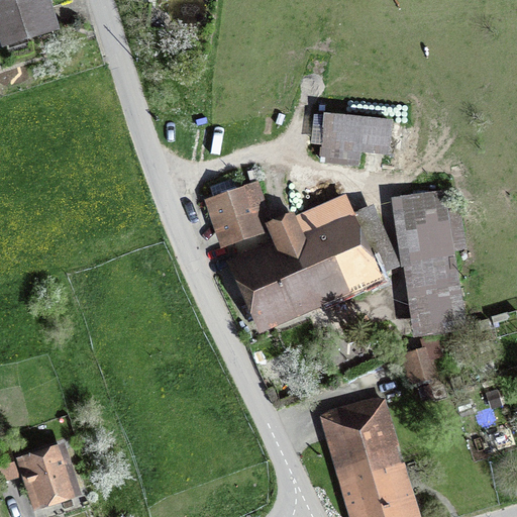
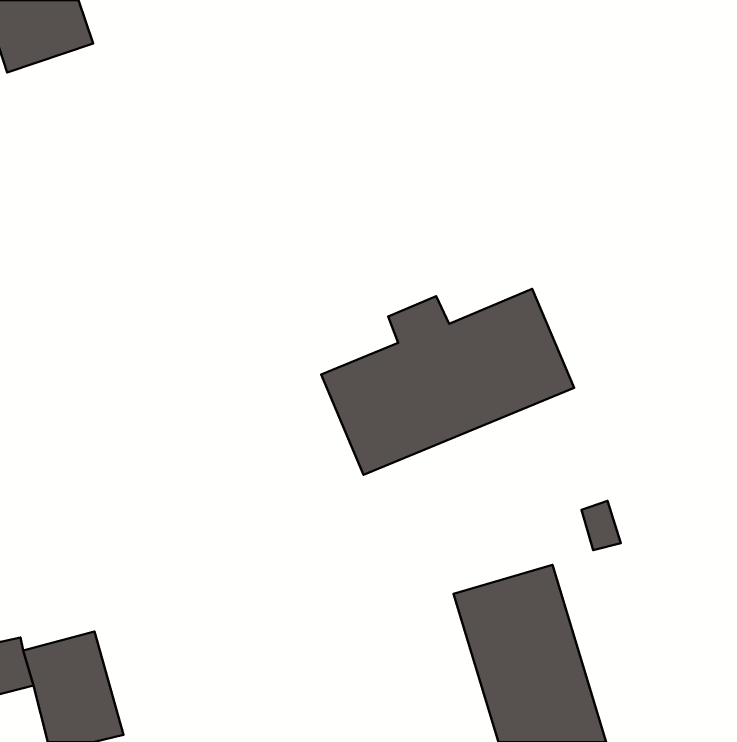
building: [320,110,396,171] -> none
building: [195,180,271,244] -> none
building: [389,189,466,338] -> none

